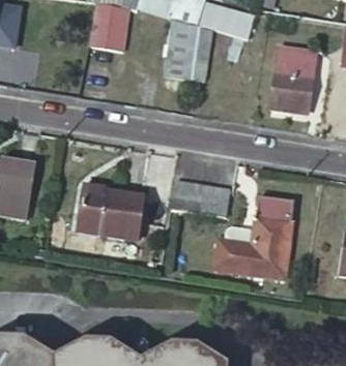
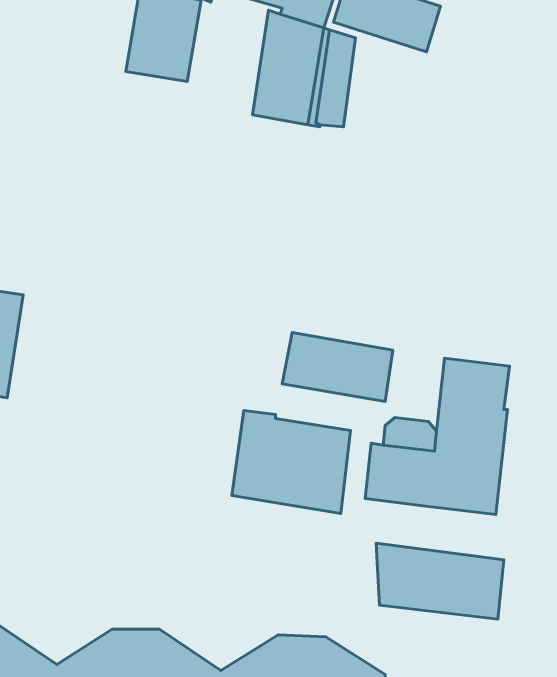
building: [267,41,310,115] -> none
building: [81,184,143,238] -> [232,411,351,513]
building: none -> [376,543,504,619]

